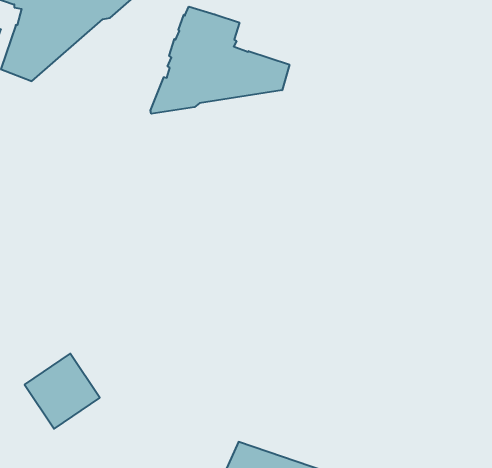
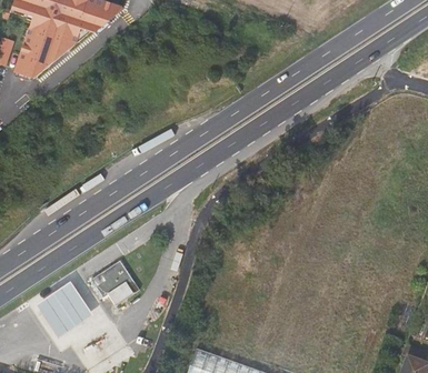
building: [151,7,289,114] -> none
building: none -> [89,263,137,308]

